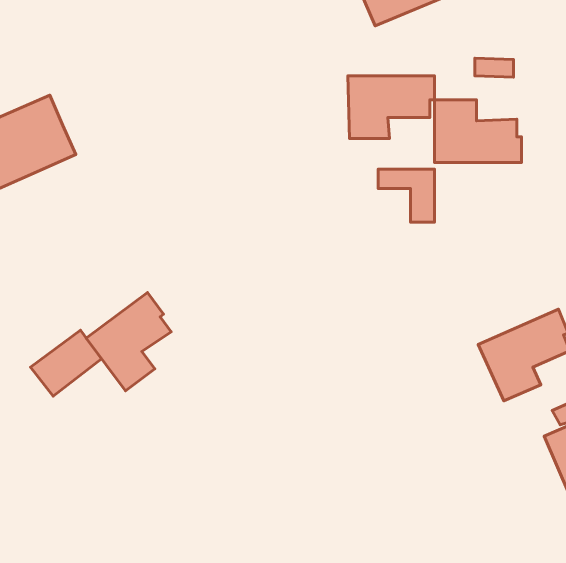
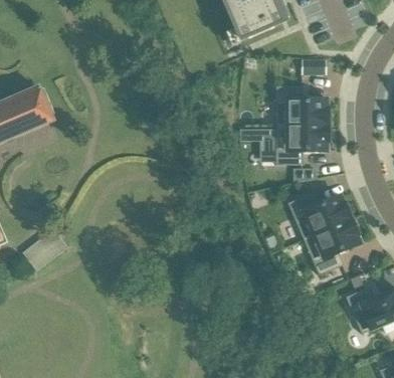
building: [348,76,435,138] -> [276,125,331,164]
building: none -> [288,192,354,238]
building: [86,293,171,391] -> none

